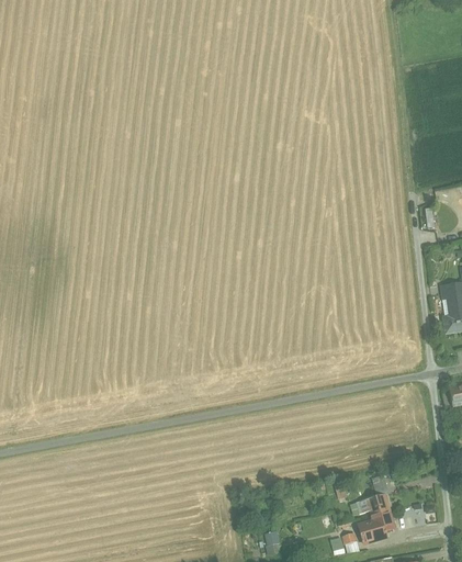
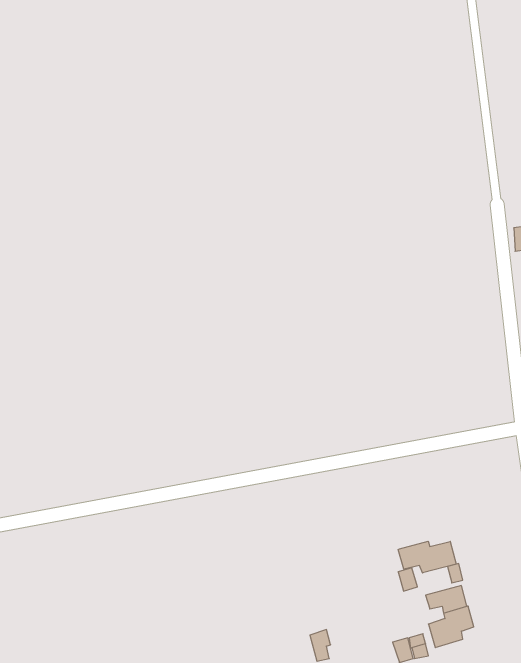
building: none -> [398,541,456,573]

